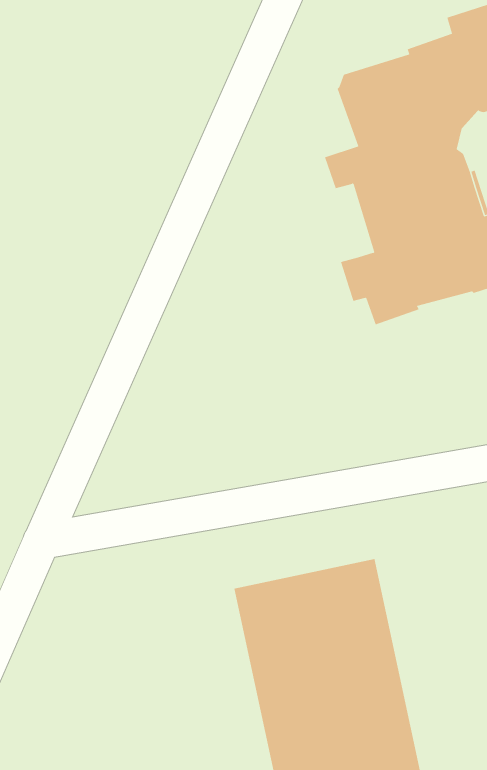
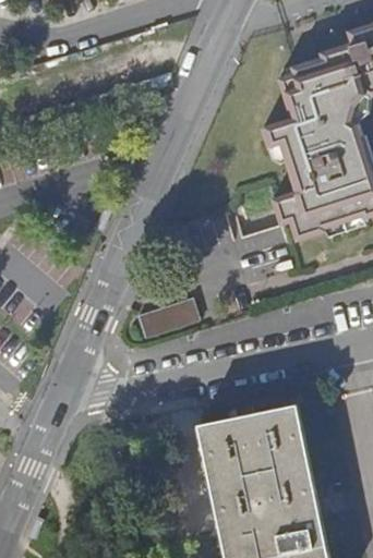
building: none -> [139,293,202,337]

